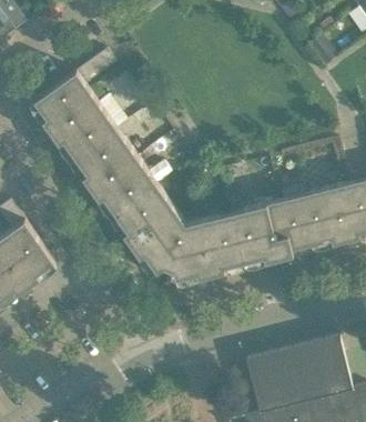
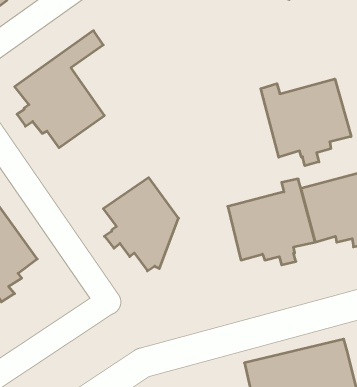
building: none -> [261,79,351,166]
building: [75,129,159,215] -> none
building: [169,213,244,284] -> none

